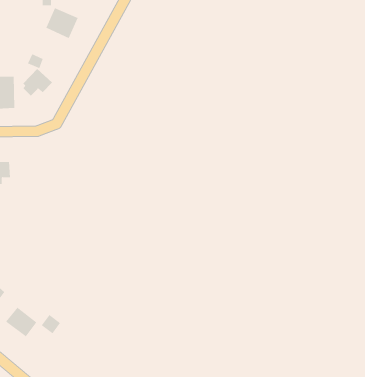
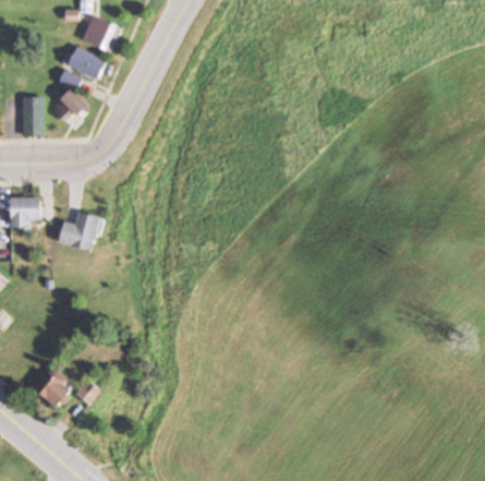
building: none -> [61,44,105,75]
building: none -> [58,212,99,250]

